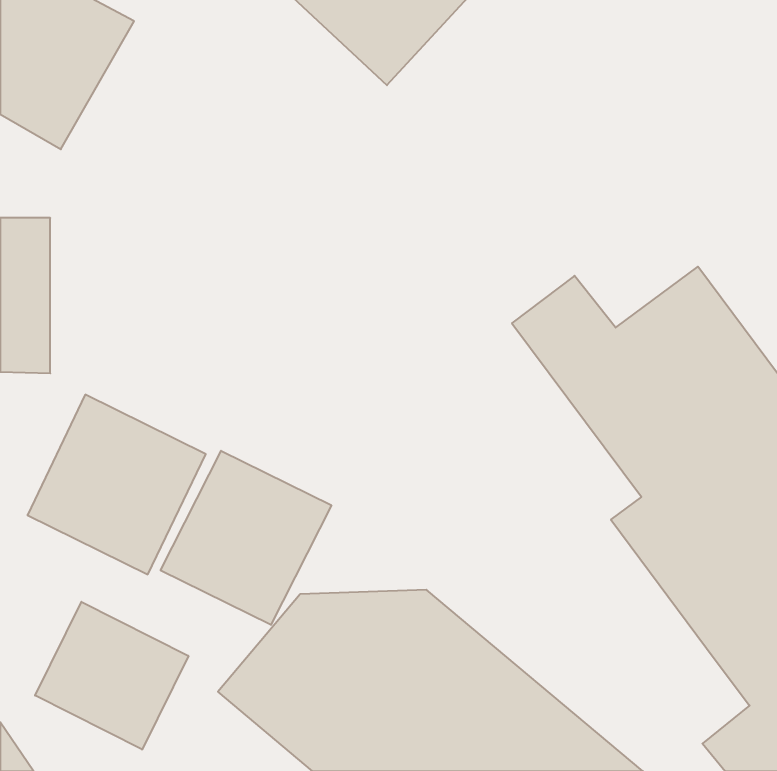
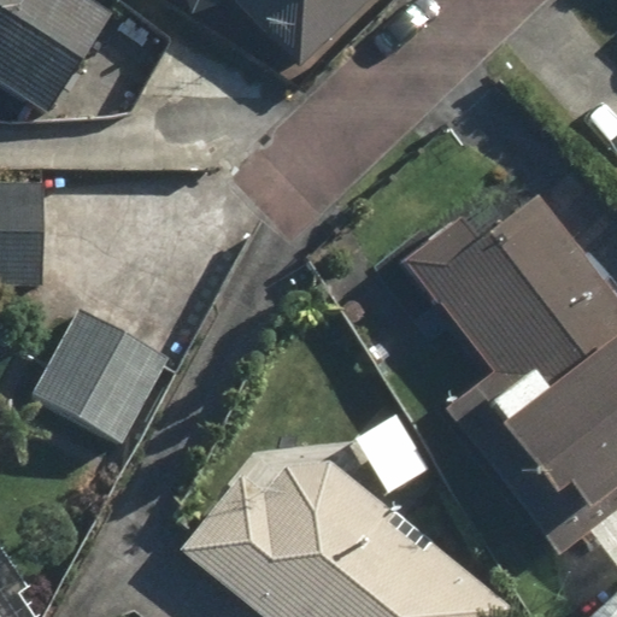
building: [161,451,331,625] -> none
building: [35,602,188,750] -> none

